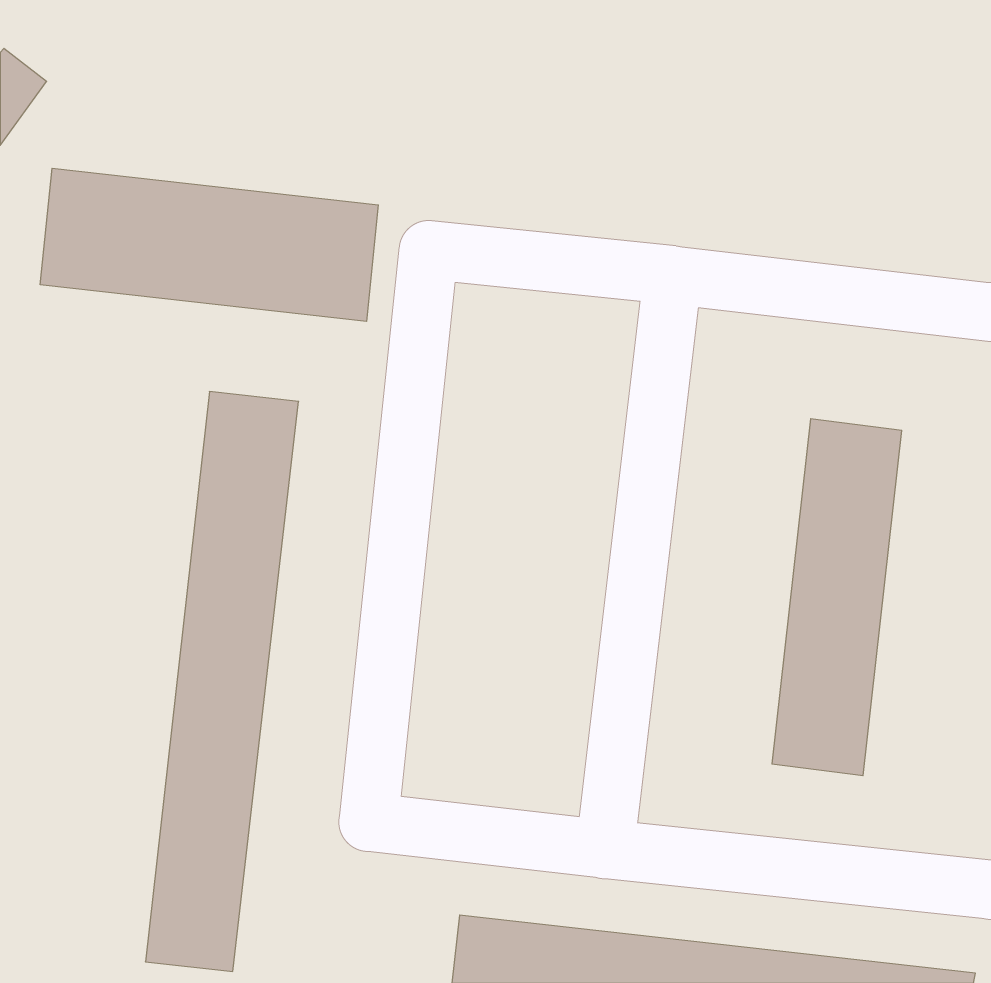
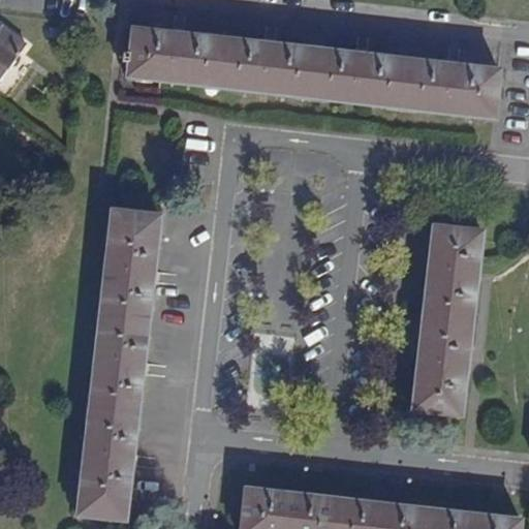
building: none -> [127,27,497,117]
building: [40,168,378,321] -> none

